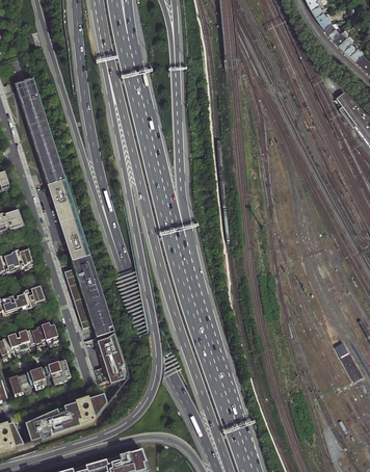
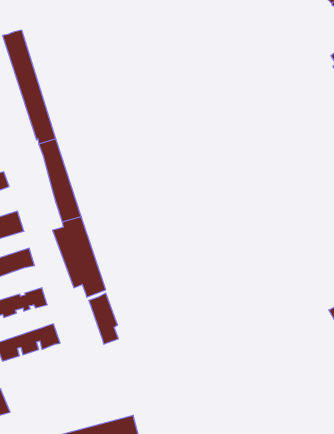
building: [23,393,106,442] -> none

